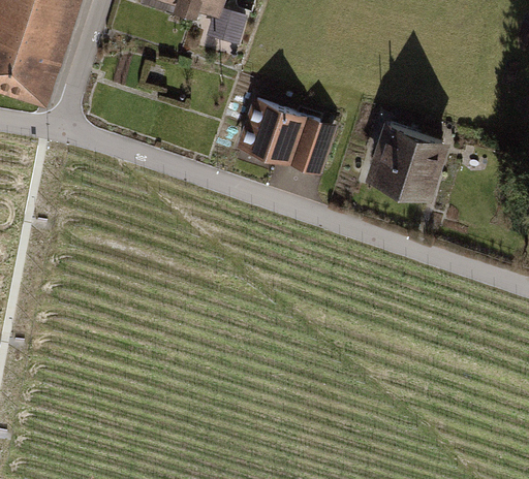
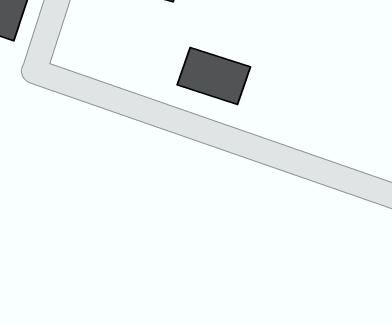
building: [376,126,443,192] -> none

